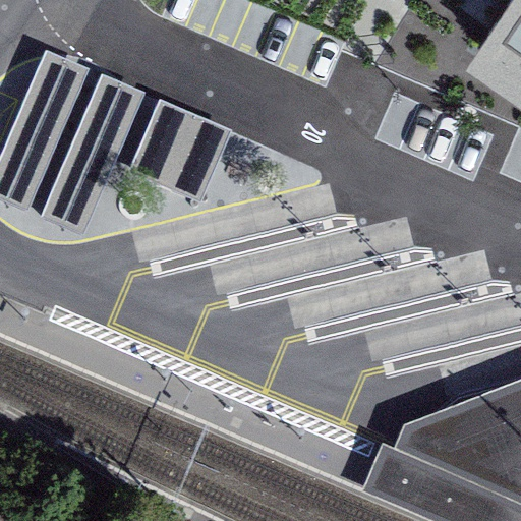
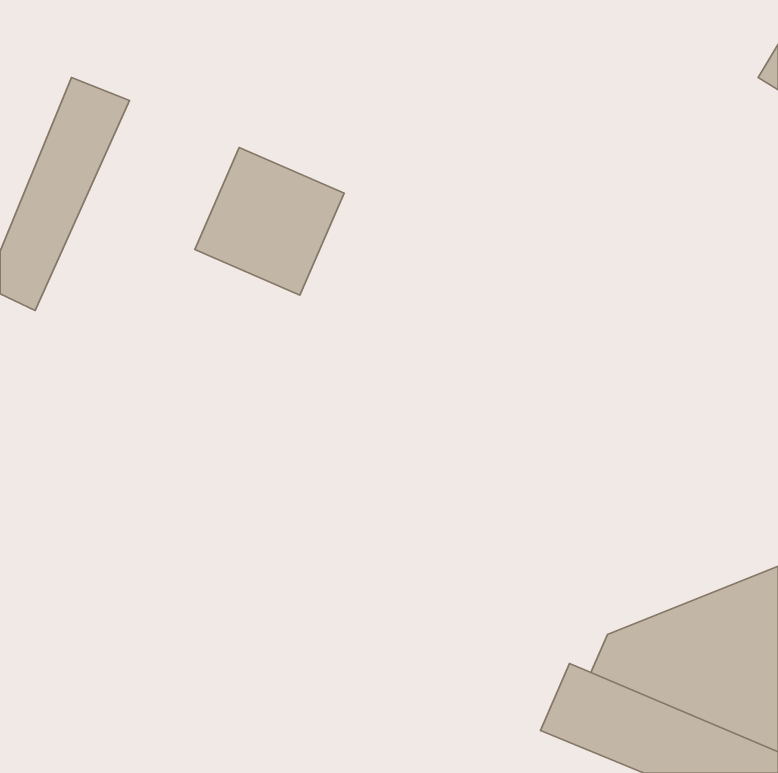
building: [43,78,141,230] -> none

